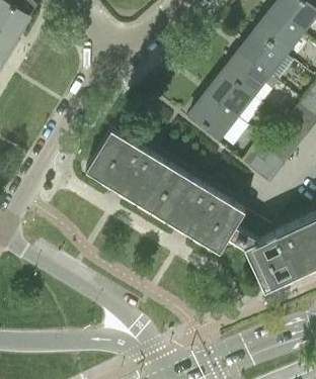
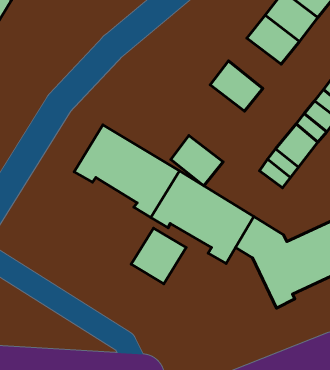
building: [221,52,276,96] -> none
building: [188,93,235,137] -> [171,135,223,186]
building: none -> [131,228,186,284]

